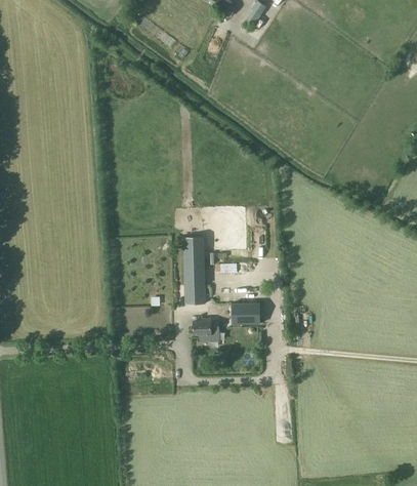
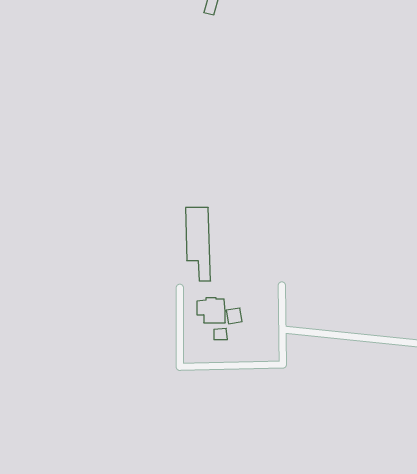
building: [232,302,260,324] -> none

